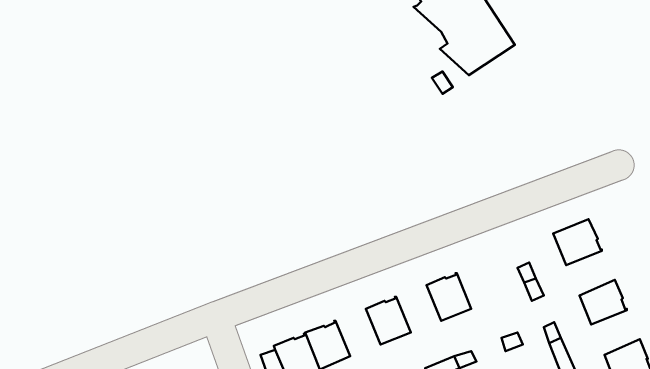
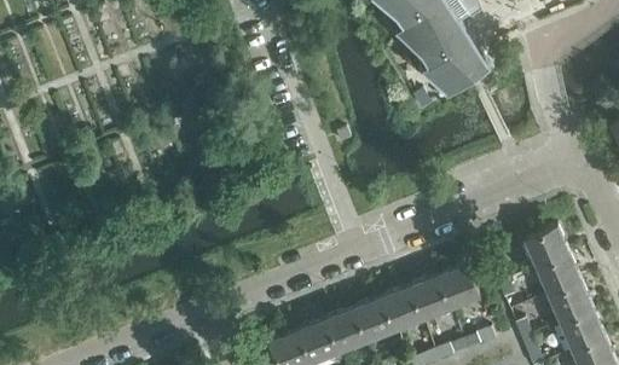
building: none -> [537,255,582,296]
building: none -> [436,263,478,308]
building: none -> [381,286,422,330]
building: none -> [325,308,366,352]
building: none -> [560,309,604,350]

